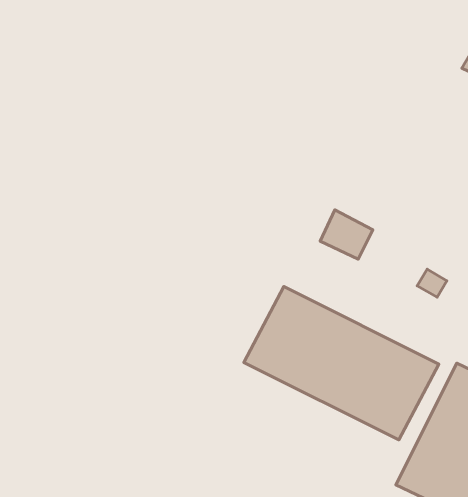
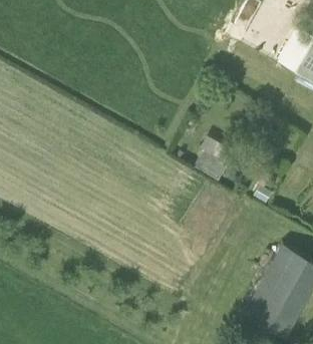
building: [244,287,439,440] -> none

